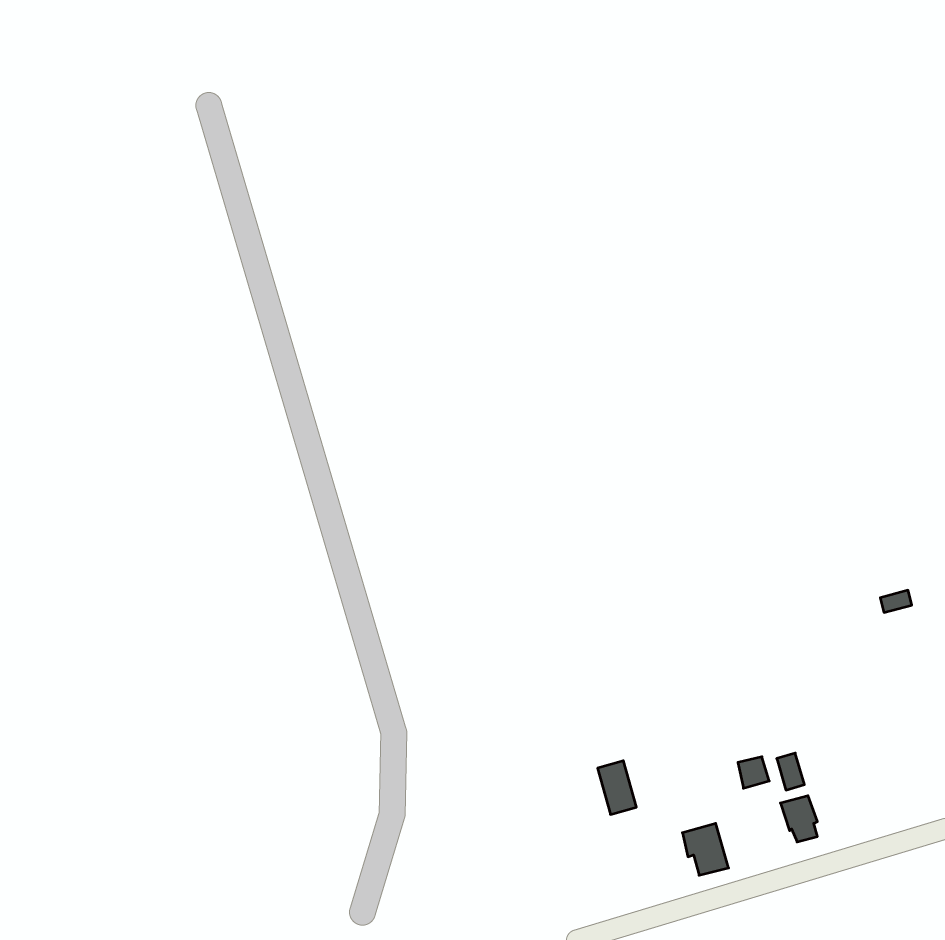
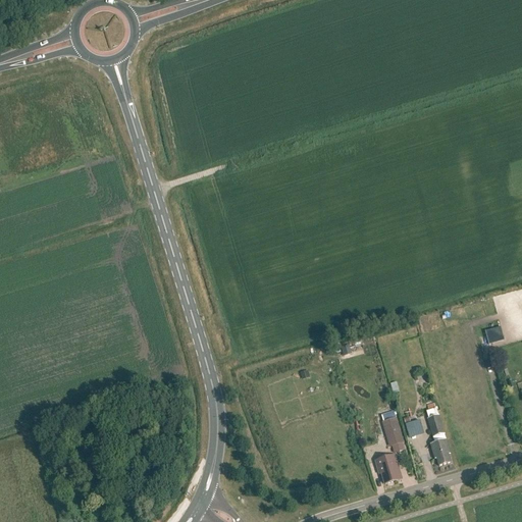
building: [598,761,636,814] -> [382,416,404,446]

